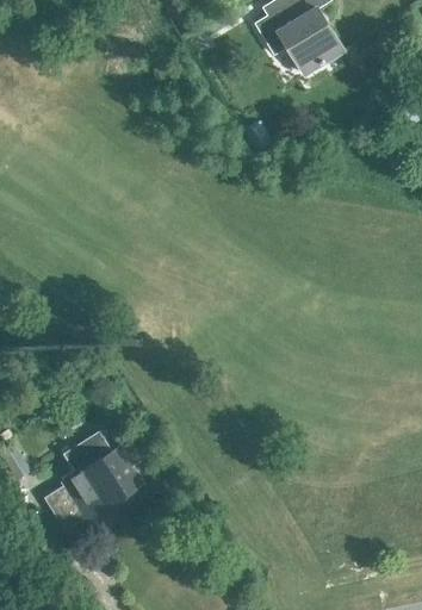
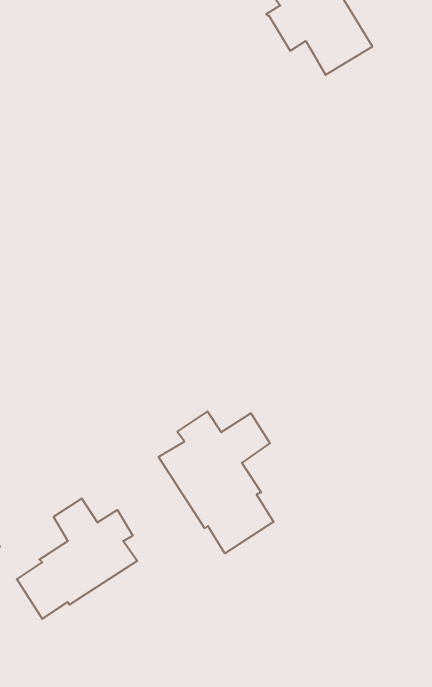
building: none -> [159,411,274,553]

